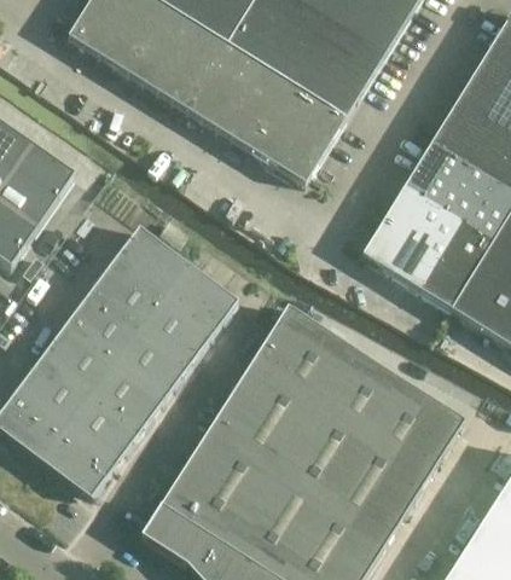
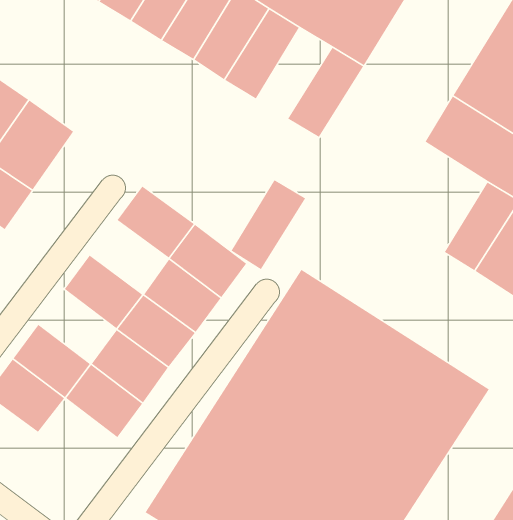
building: [246,77,318,163] -> [230,179,306,270]
building: [362,185,464,289] -> none
building: [89,259,164,329] -> none
building: [41,324,115,394] -> none
building: [41,427,116,497] -> none

